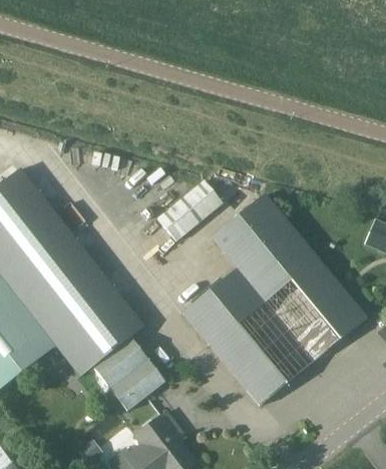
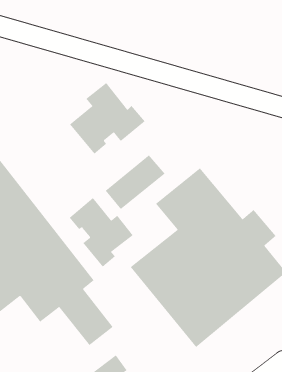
building: none -> [69,82,145,154]
building: none -> [69,197,133,267]

